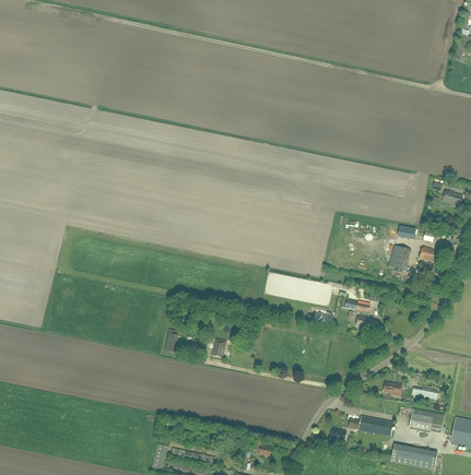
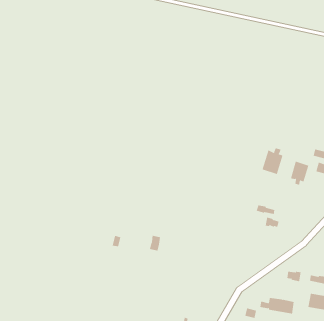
building: none -> [262,147,283,175]

